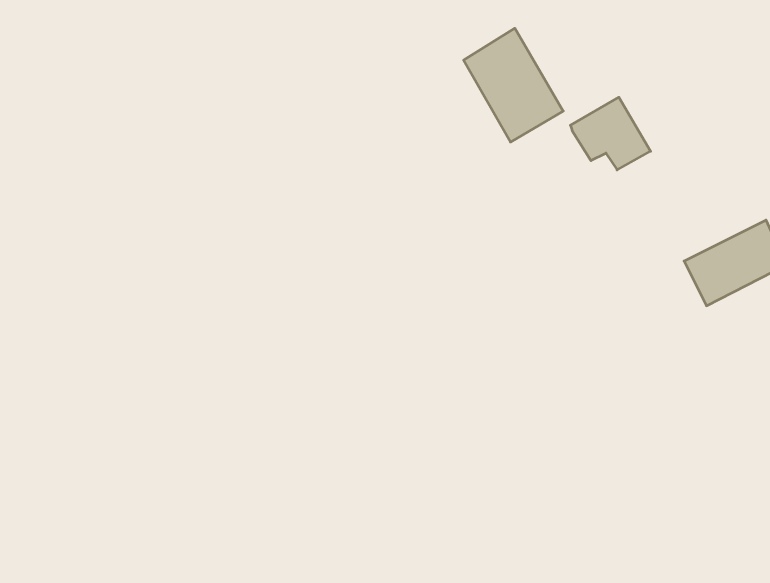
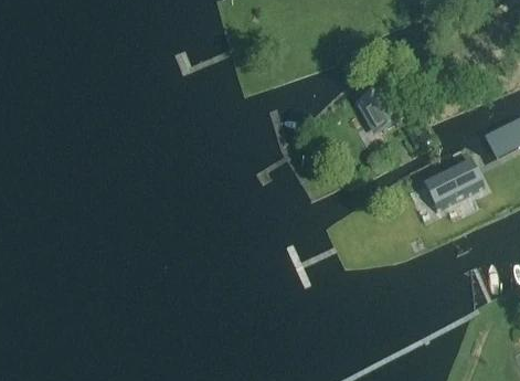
building: [464,28,563,142] -> none

